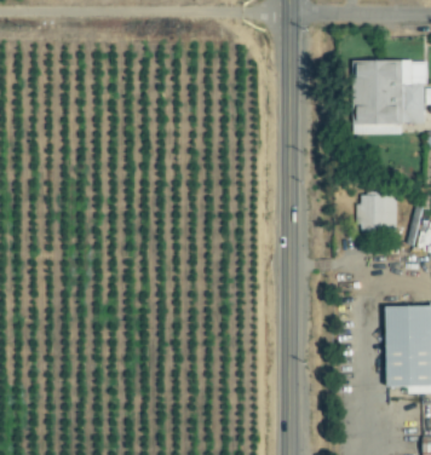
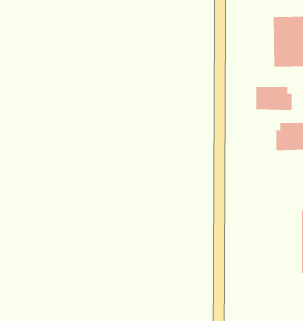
building: none -> [256,86,292,111]

